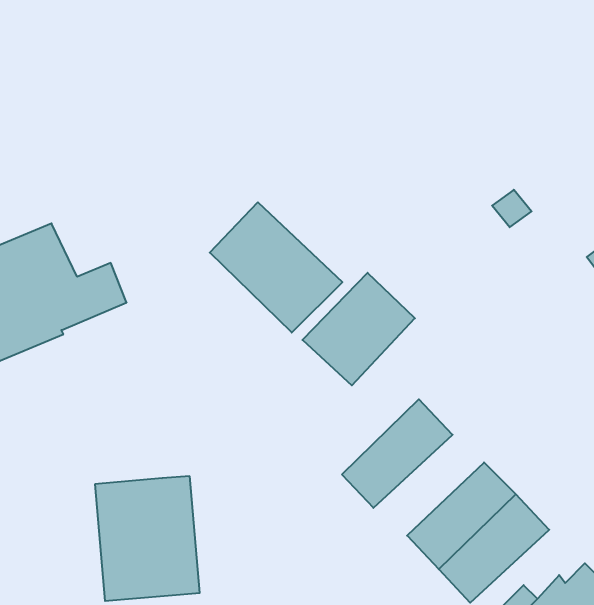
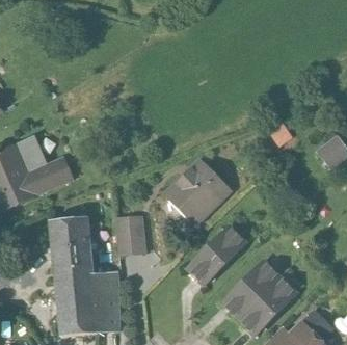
building: [210,202,342,333] -> none
building: none -> [116,214,146,254]
building: none -> [52,217,92,272]

